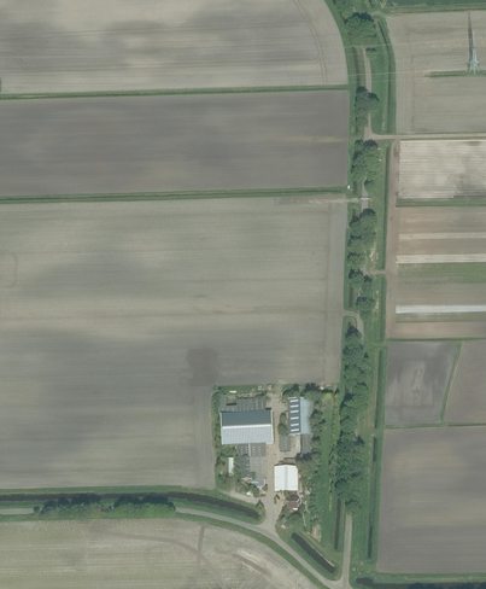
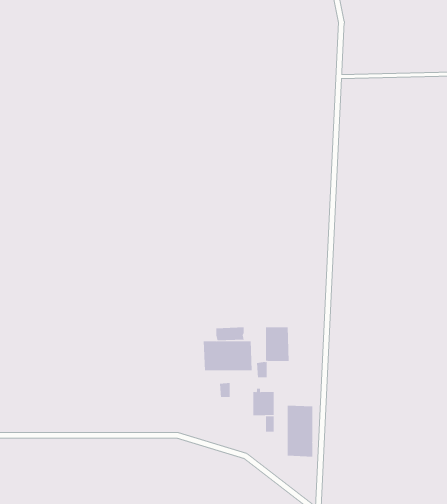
building: none -> [287,405,313,457]

